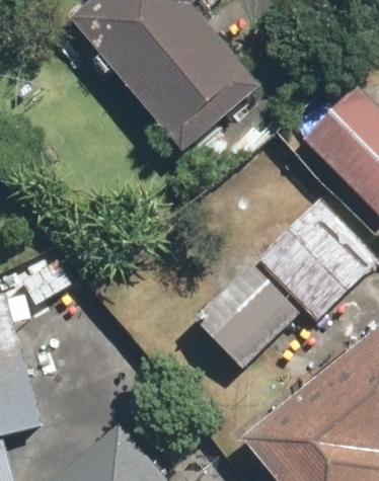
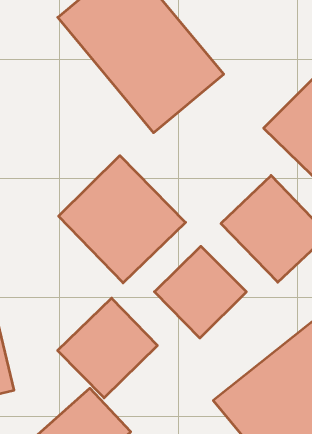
building: none -> [59,156,186,283]
building: none -> [58,298,157,398]

